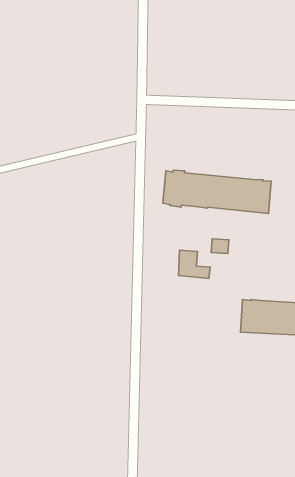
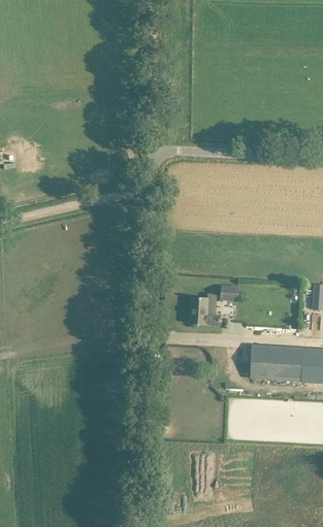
building: [163,170,271,213] -> none

